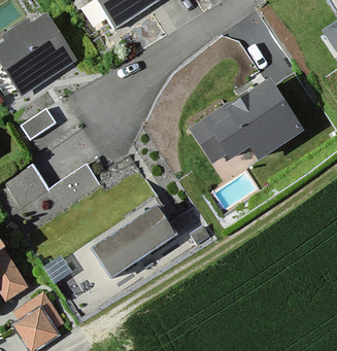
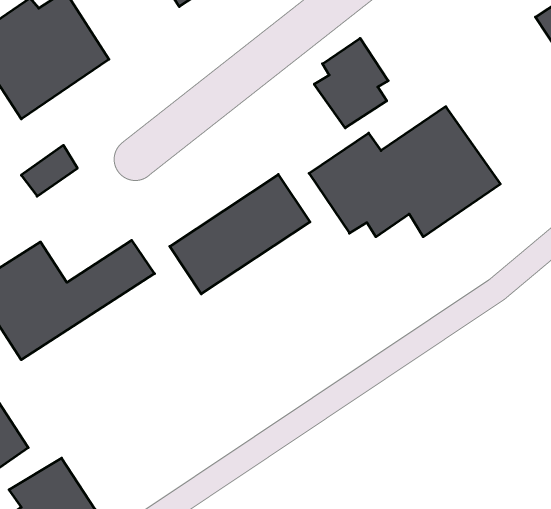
building: none -> [314,38,388,128]
building: [92,208,174,278] -> [170,174,310,294]

